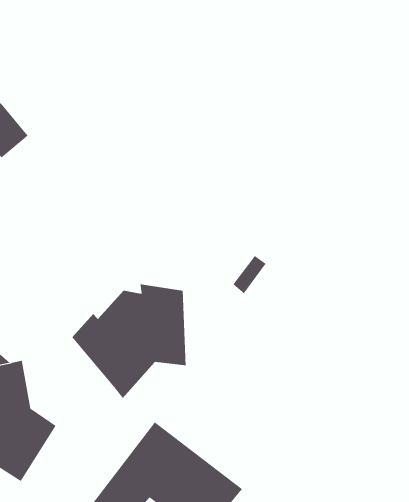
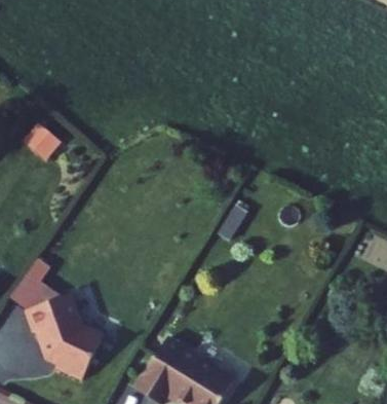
building: [71,283,186,399] -> none

